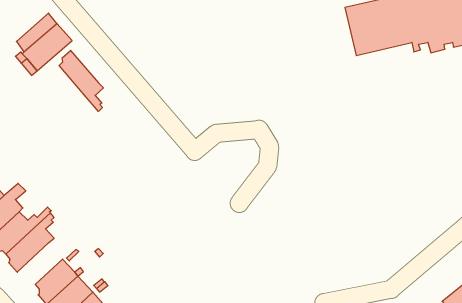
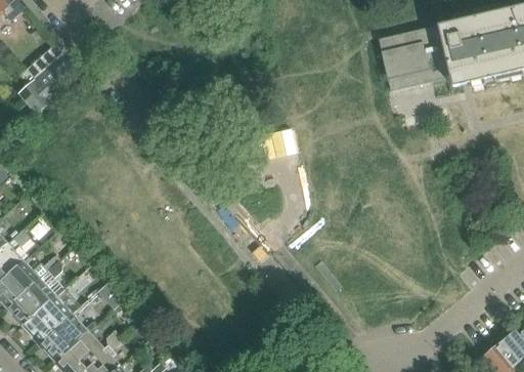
building: [59,50,103,111] -> none
building: none -> [24,296,73,341]

